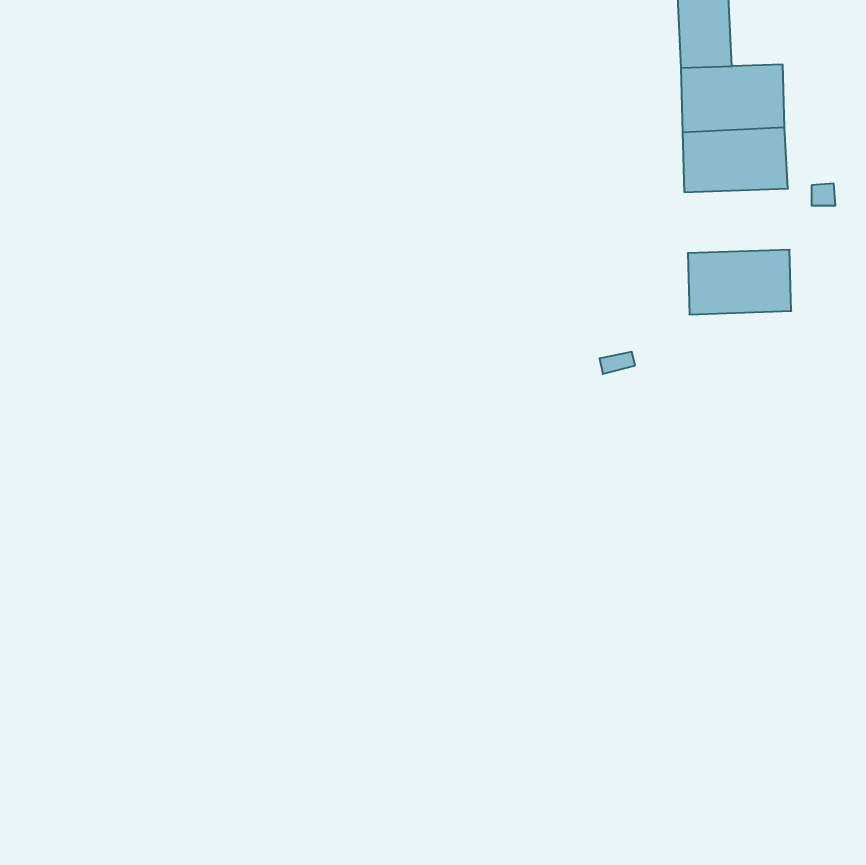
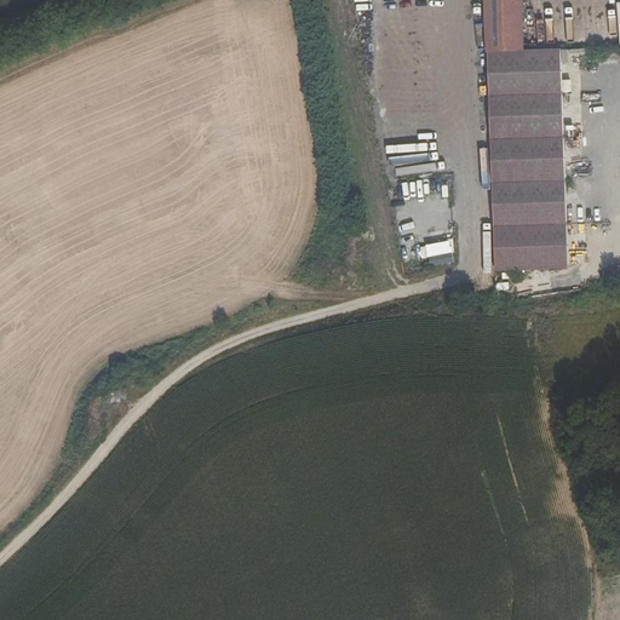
building: none -> [488,134,563,180]
building: none -> [492,222,567,269]

